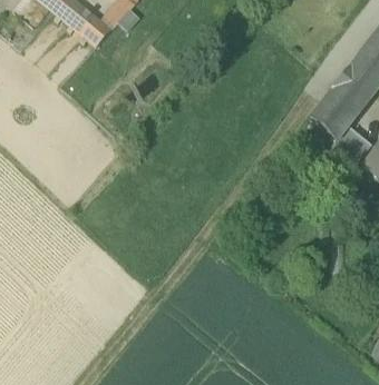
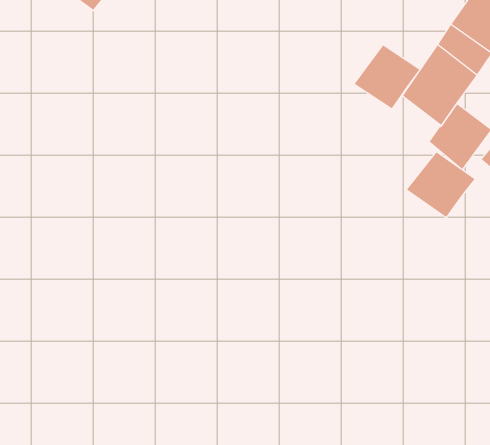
building: none -> [354,45,421,109]
building: none -> [406,152,476,218]

